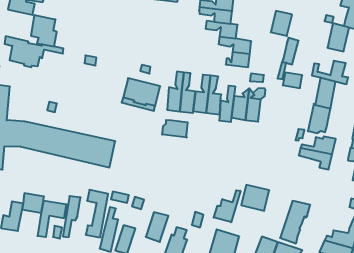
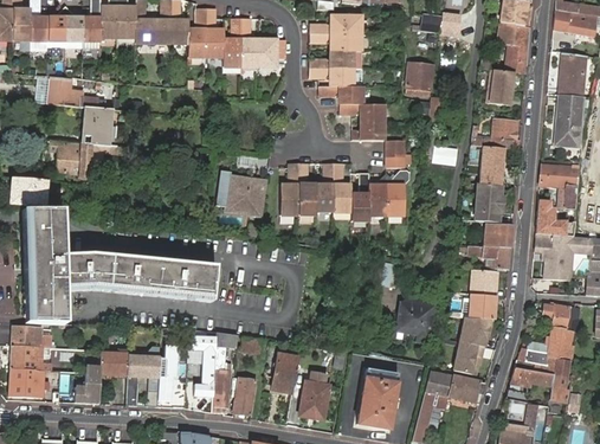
building: [162,120,188,138] -> none
building: none -> [470,268,497,318]
building: [214,190,240,222] -> none

